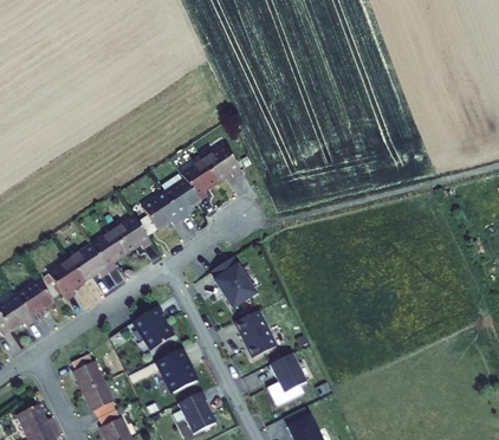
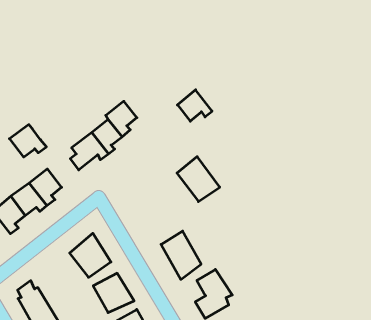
building: [203,145,241,180] -> [177,90,212,121]
building: [114,215,154,251] -> [9,125,46,157]
building: [212,259,258,309] -> [177,157,220,202]

